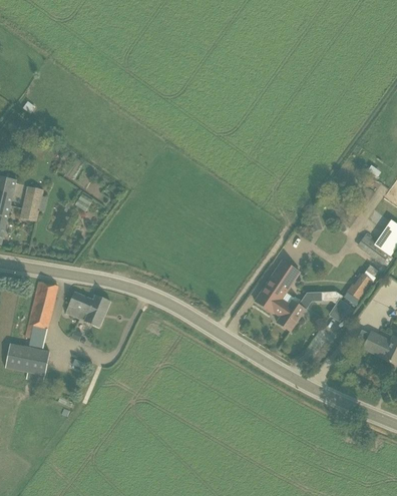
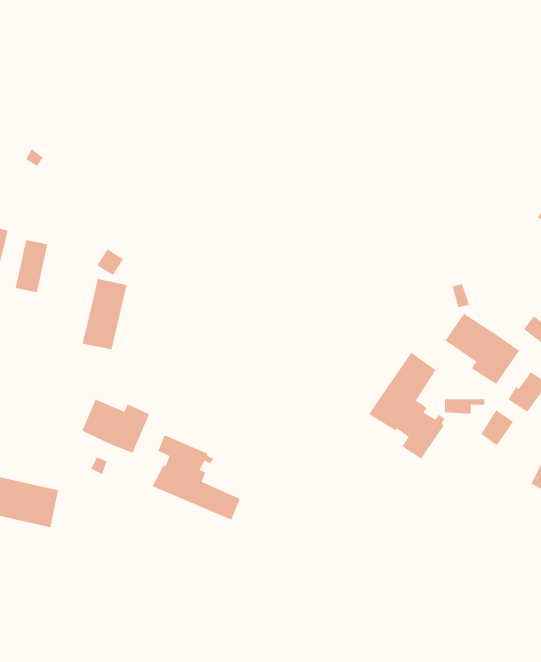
building: none -> [445,313,520,385]
building: [28,281,58,328] -> [82,279,127,350]
building: none -> [152,435,240,521]

